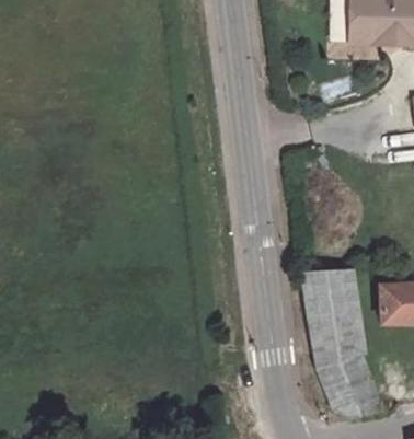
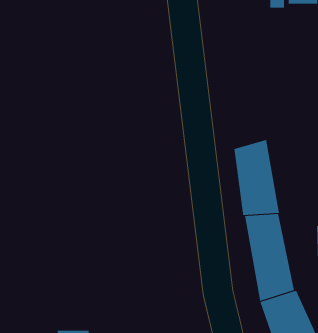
building: none -> [234,139,280,216]

